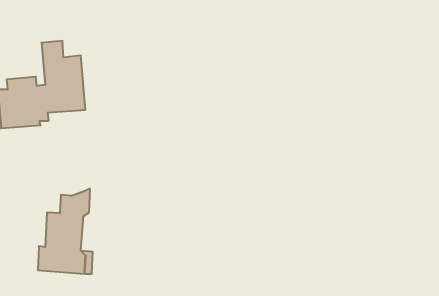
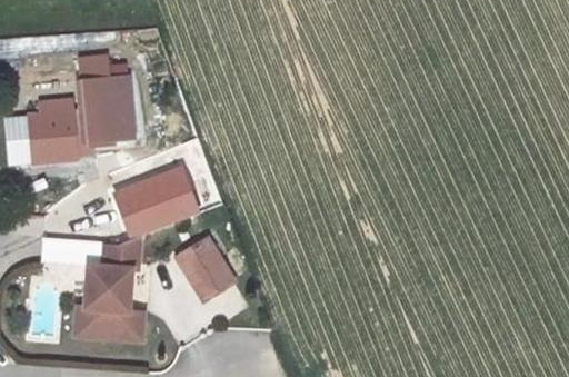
building: none -> [118,172,203,238]
building: none -> [178,238,234,299]

